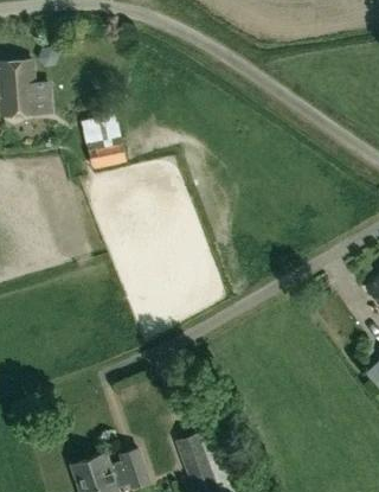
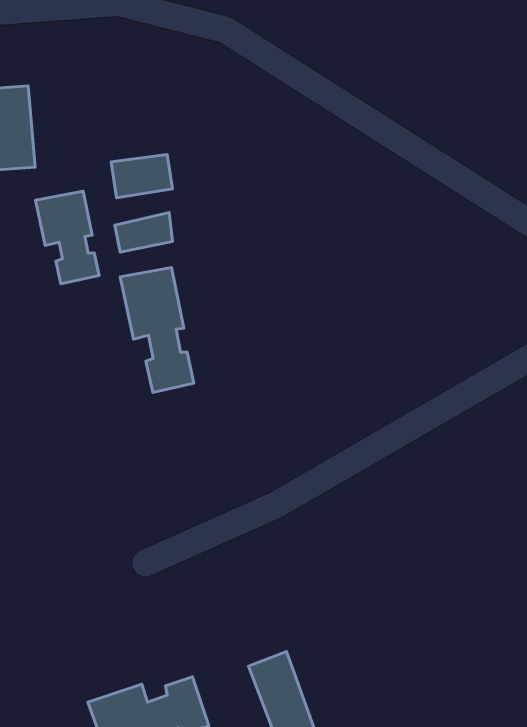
building: none -> [35,191,99,284]
building: none -> [120,268,194,392]

